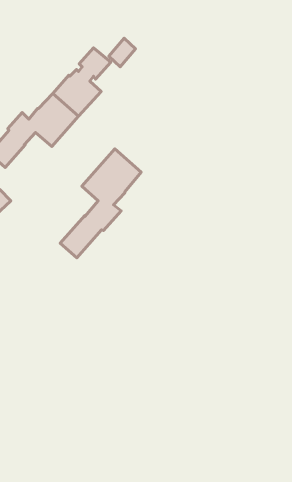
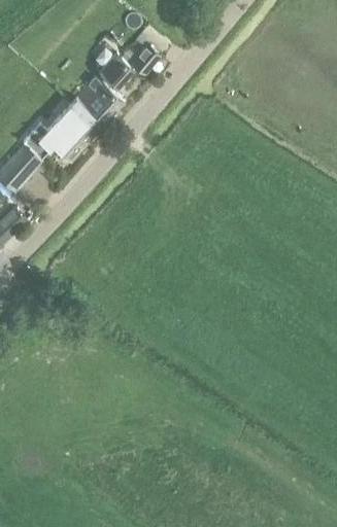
building: [60,149,141,258] -> none

